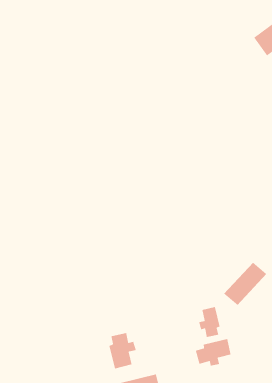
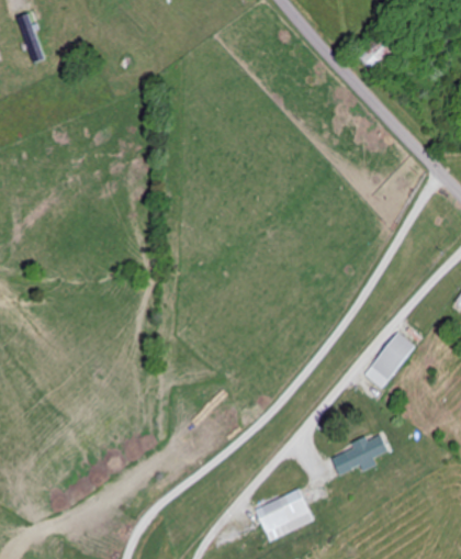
building: [198,306,220,338] -> none
building: [108,332,137,370] -> none

